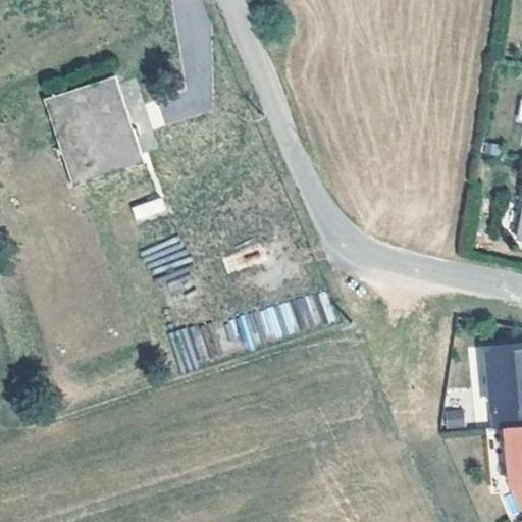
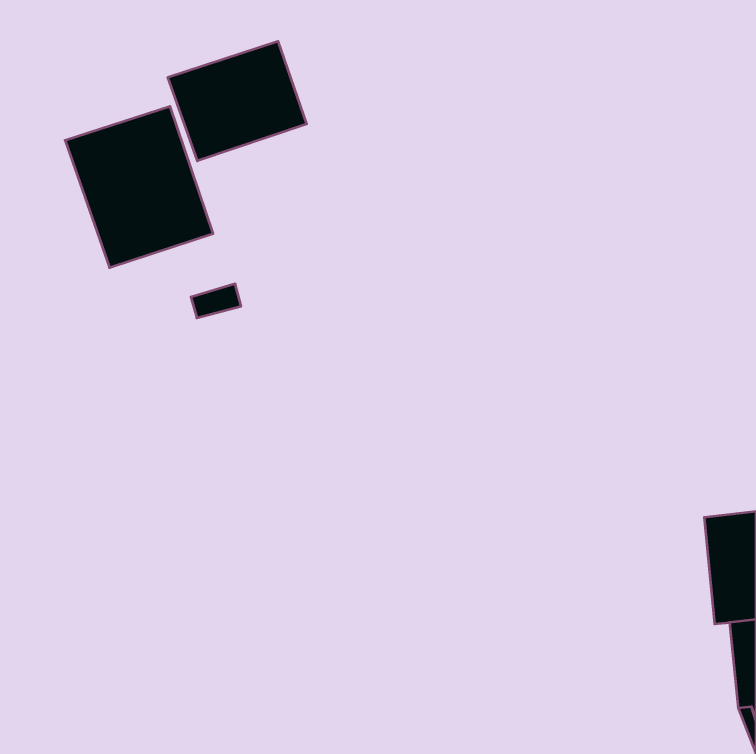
building: none -> [168,41,307,161]

